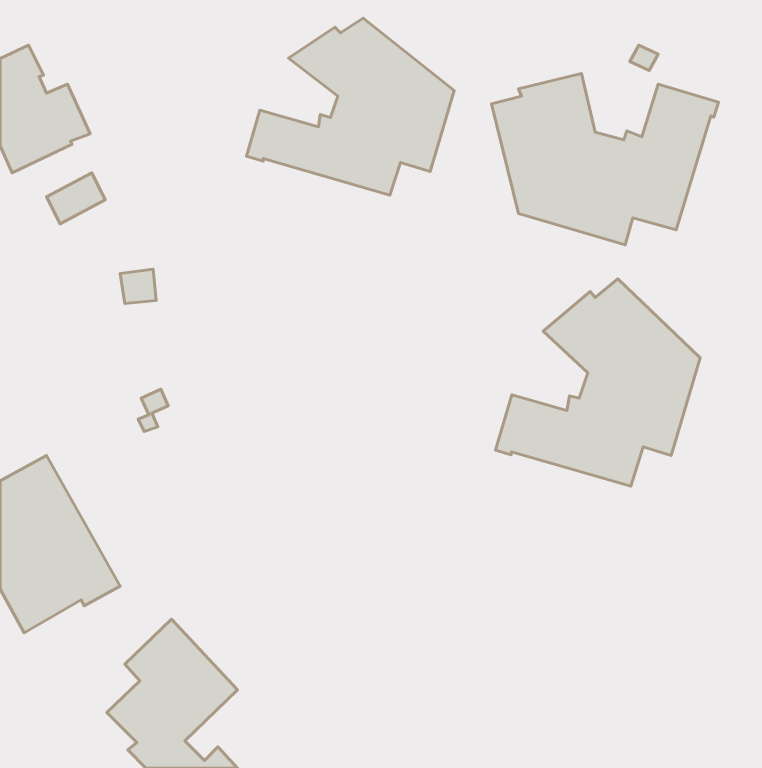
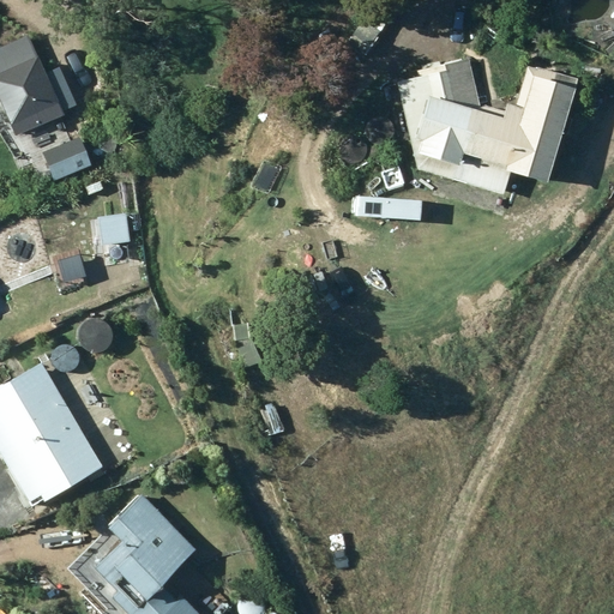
building: [246,18,454,195] -> none
building: [496,279,700,486] -> none

